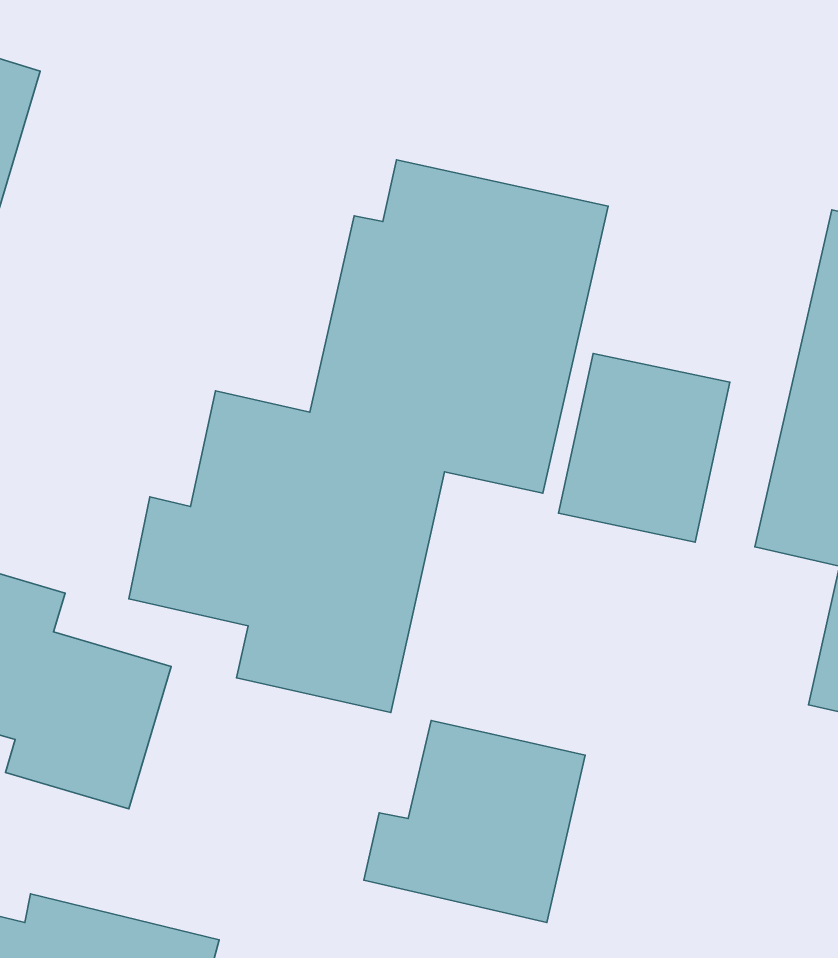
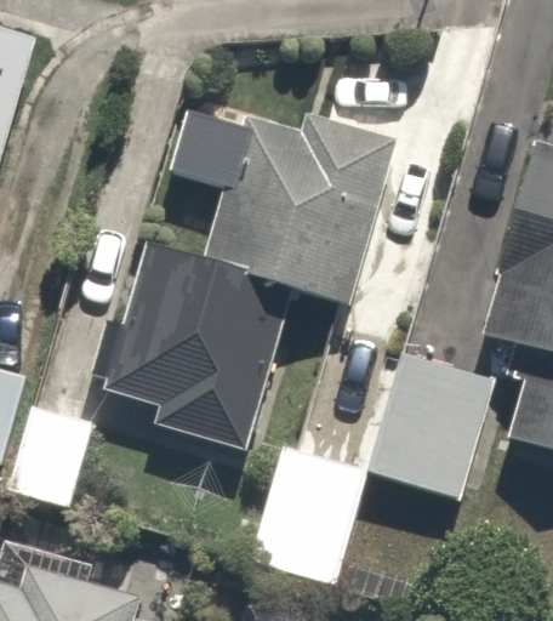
building: [558,353,730,542] -> [375,369,483,488]

